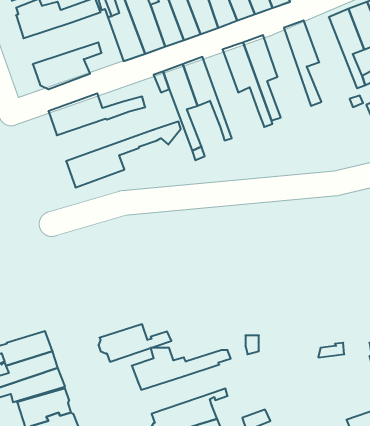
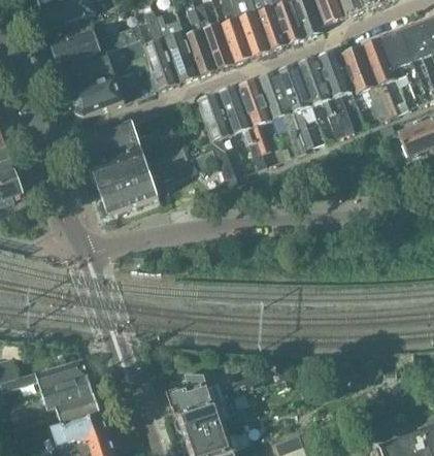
building: none -> [341,46,388,120]
building: none -> [58,52,142,93]
building: none -> [295,57,342,137]
building: none -> [235,78,273,166]
building: none -> [91,145,187,189]
building: [98,324,171,362] -> [173,401,245,438]

